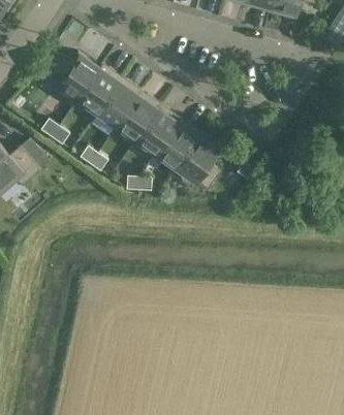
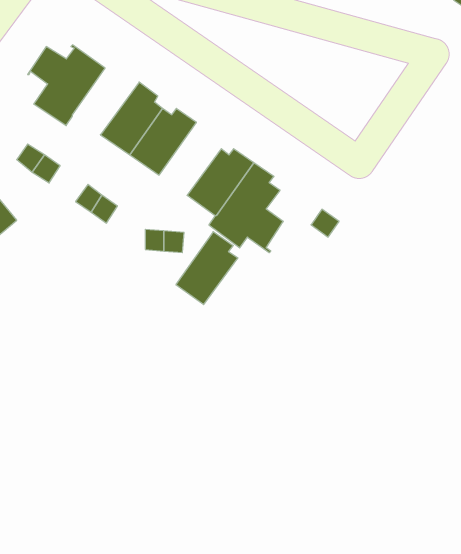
building: [77,68,122,113] -> none
building: [135,104,177,153] -> [176,232,238,305]

